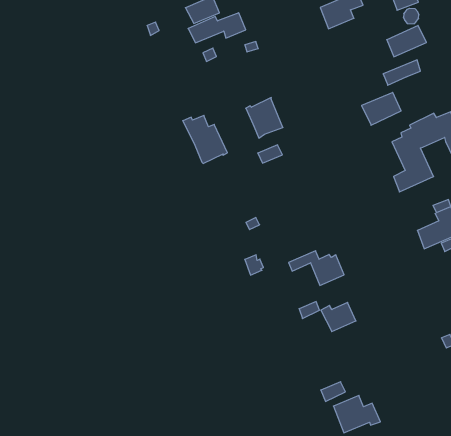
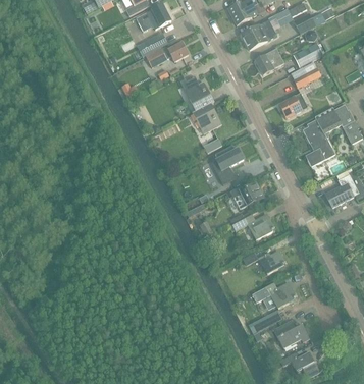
building: none -> [255,48,282,72]
building: [183,115,227,163] -> [178,75,213,111]
building: none -> [210,145,243,180]
building: none -> [230,181,262,208]
building: none -> [252,282,296,309]

